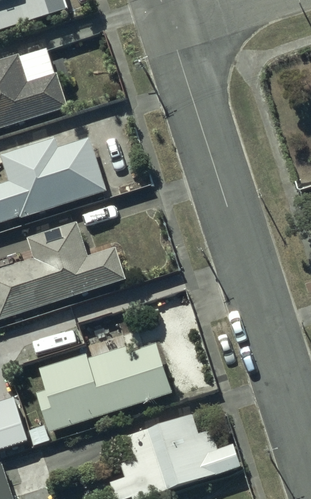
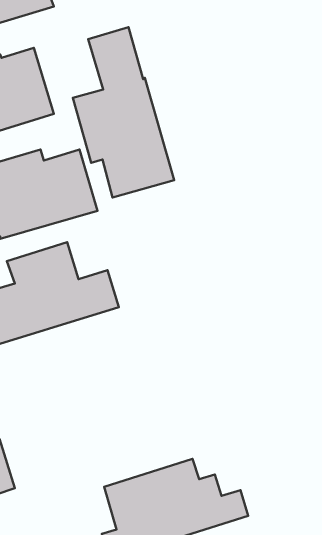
building: none -> [73,27,174,198]
building: [35,343,170,431] -> none

